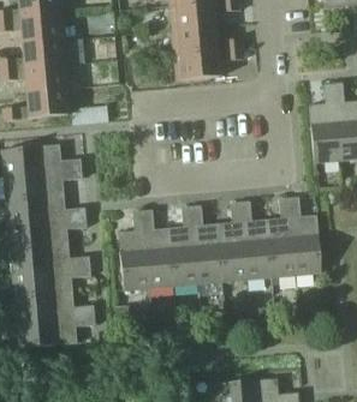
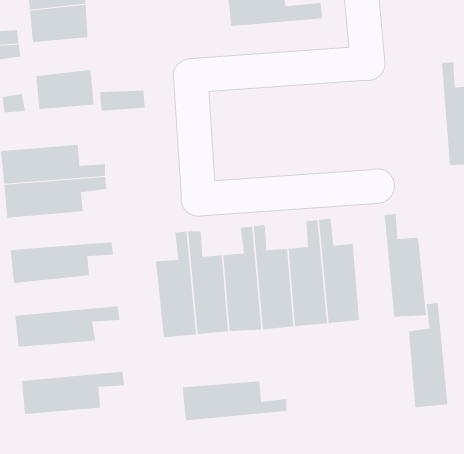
building: [174,49,244,80] -> none
building: [25,64,70,92] -> none
building: [309,83,339,162] -> none
building: [6,194,85,223] -> none
building: [267,197,297,276] -> [408,302,448,408]
building: [11,242,90,272] -> none
building: [14,292,94,322] -> [182,381,287,421]

